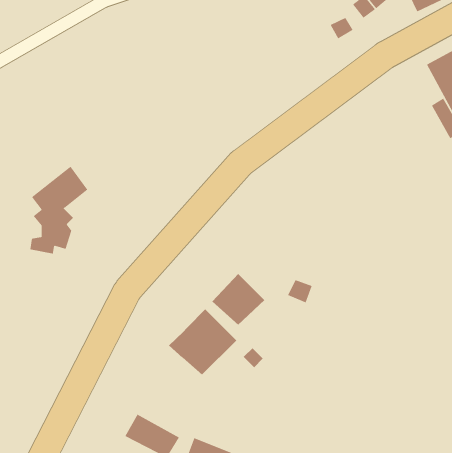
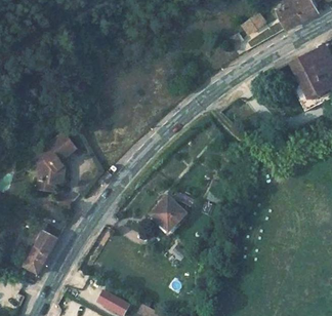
building: [168,308,237,375] -> none
building: none -> [22,224,59,274]

